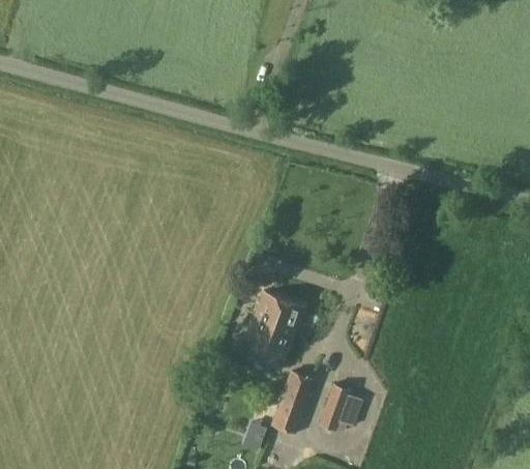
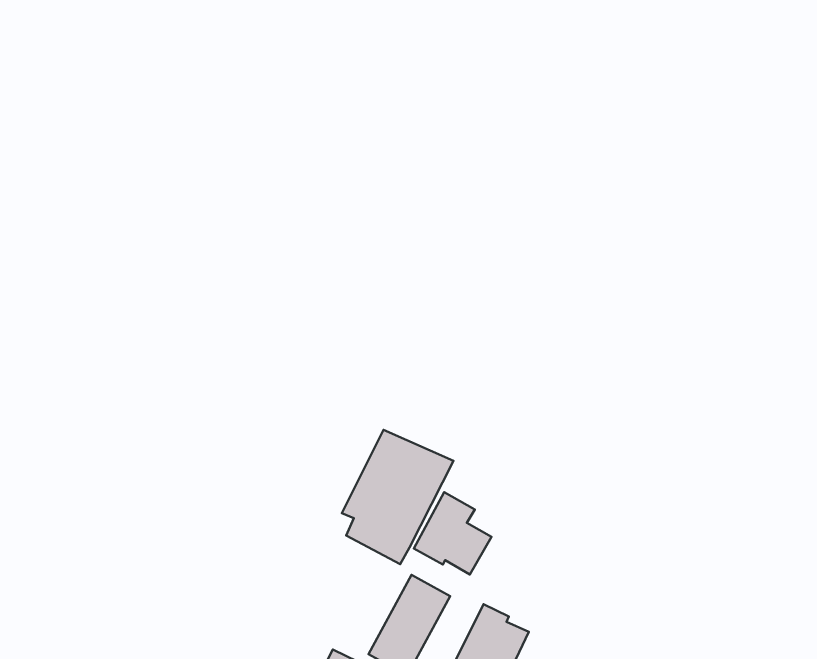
building: none -> [414,492,491,574]

